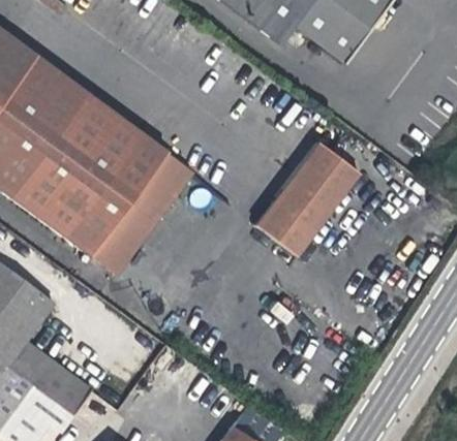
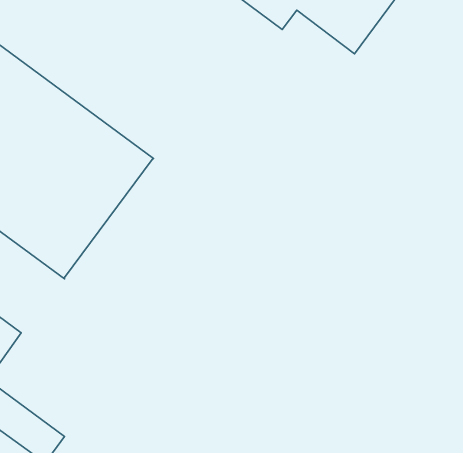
building: [255,141,360,256] -> none
building: [91,153,191,273] -> none

